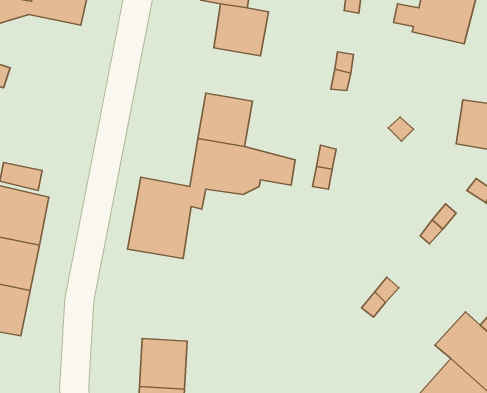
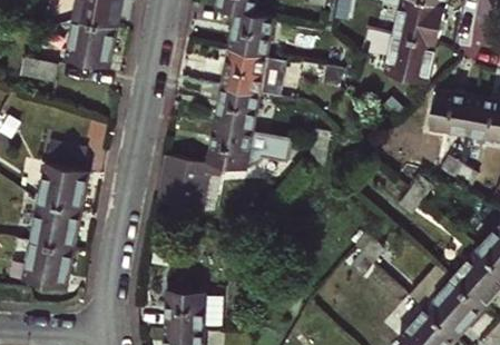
building: none -> [63,20,115,69]
building: none -> [383,34,435,82]
building: none -> [219,48,282,96]

